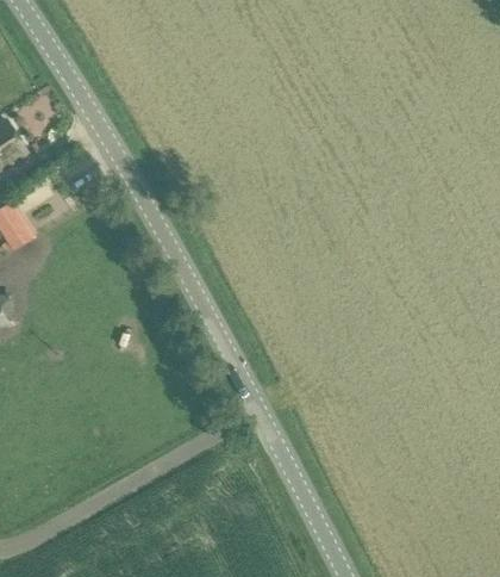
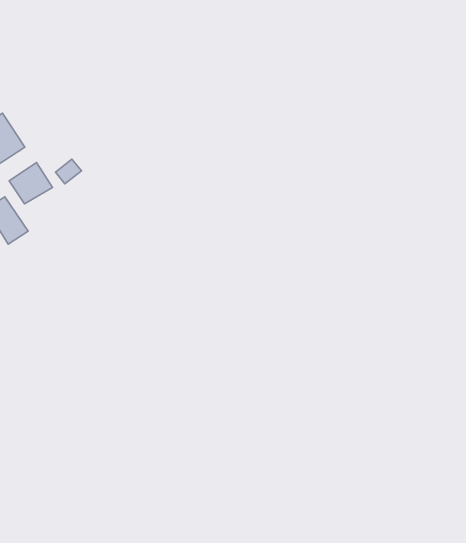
building: none -> [9,163,53,204]

